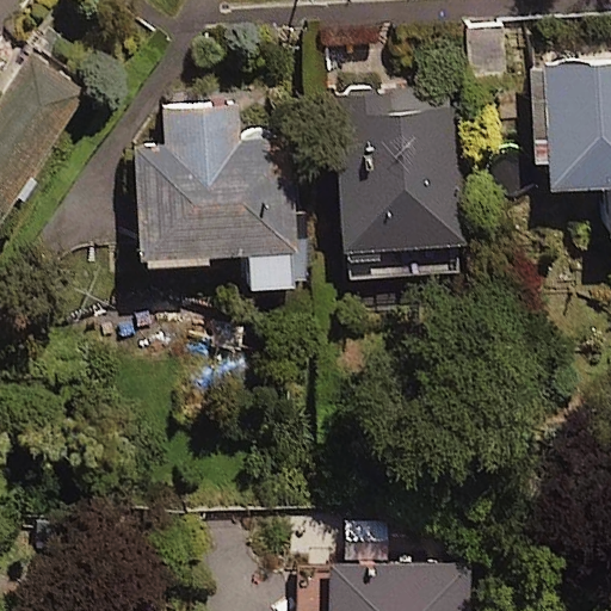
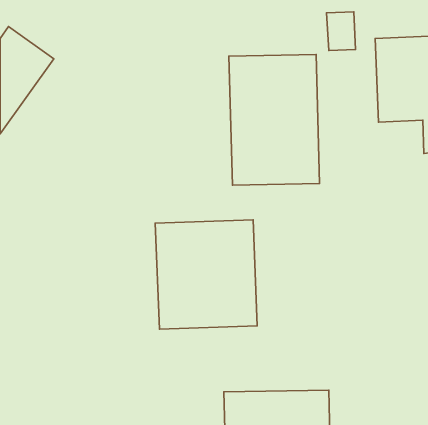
building: [134,107,296,284] -> none
building: none -> [155,220,257,329]

